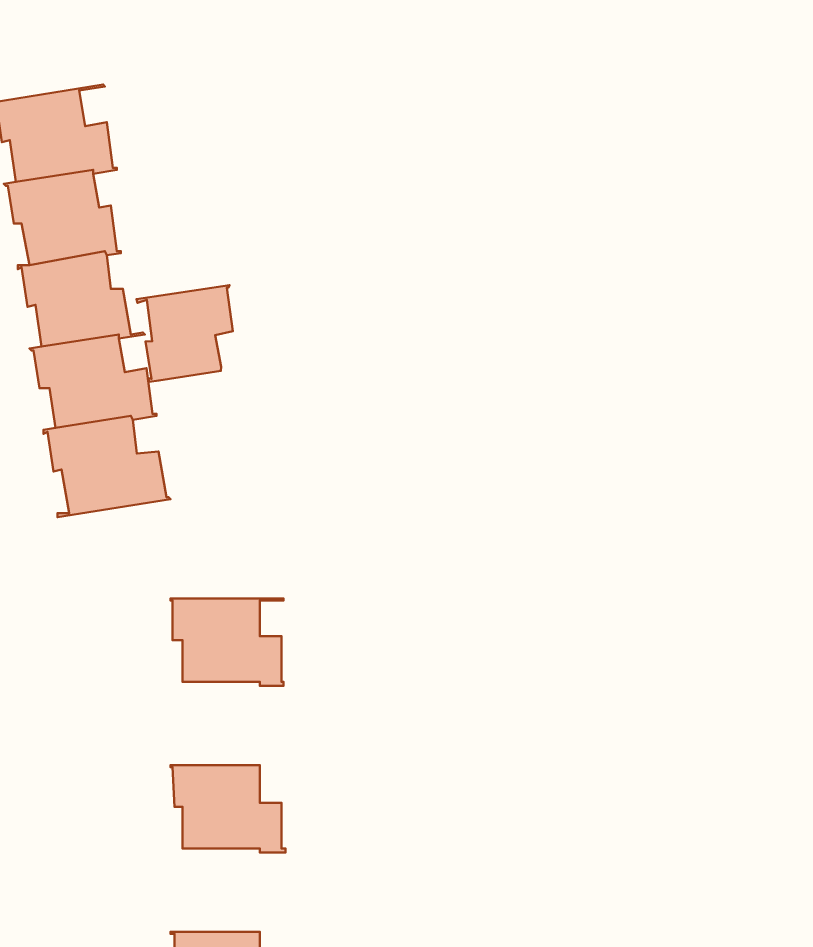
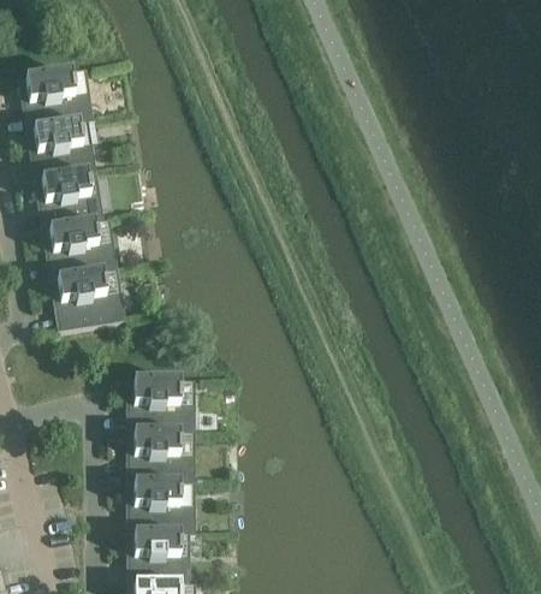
building: [136,285,233,382] -> none
building: none -> [126,432,195,485]
building: none -> [126,533,196,586]

